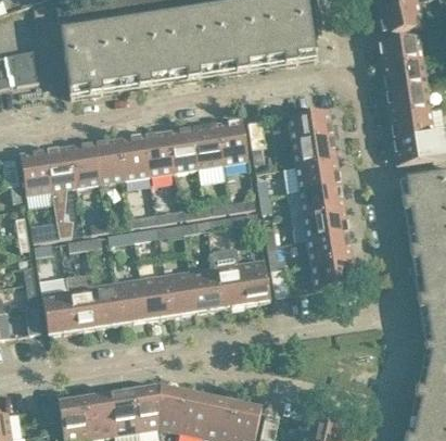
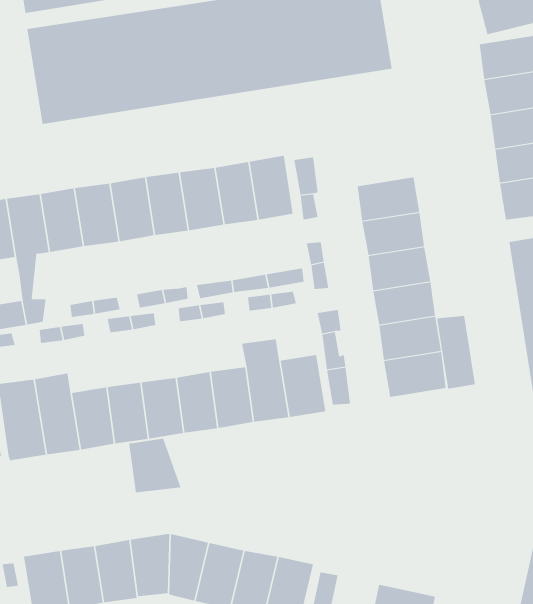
building: [289,109,333,140] -> none
building: none -> [437,315,475,389]
building: none -> [129,438,181,493]

